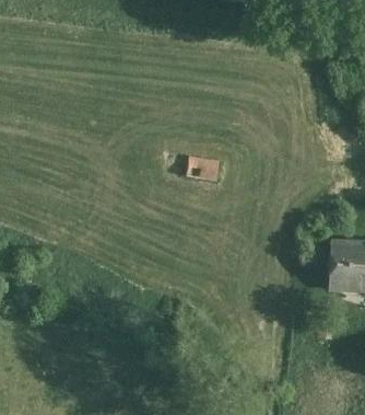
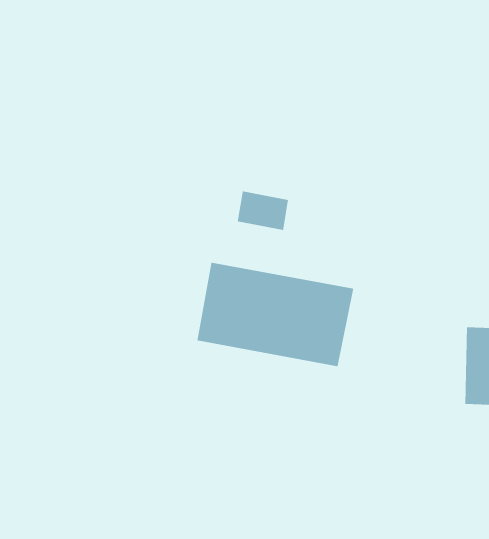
building: none -> [197,262,354,367]

